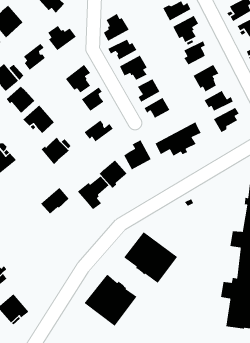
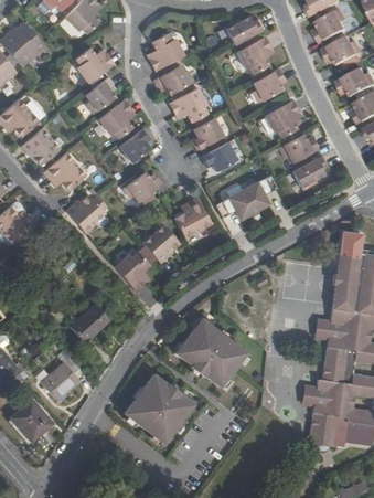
building: [23,43,46,71] -> [85,77,115,114]
building: [40,187,70,215] -> [70,306,108,342]
building: none -> [40,357,79,401]

